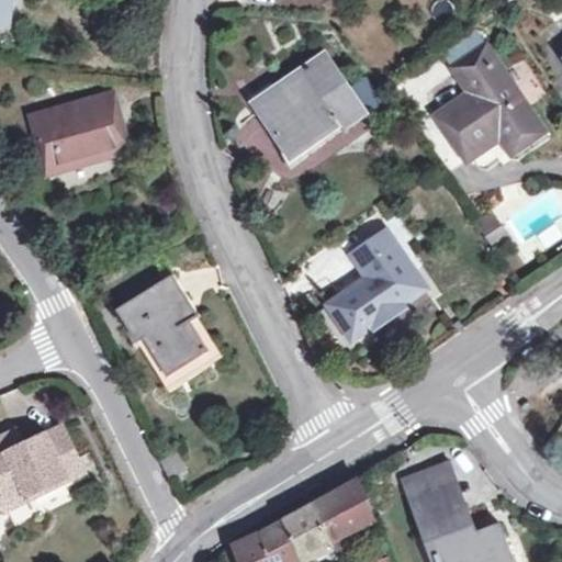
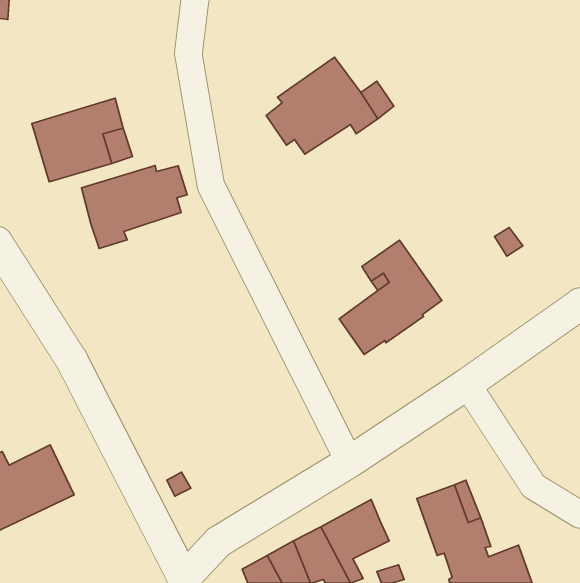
building: [435,46,542,161] -> none
building: none -> [81,166,187,248]
building: [114,274,205,376] -> none

